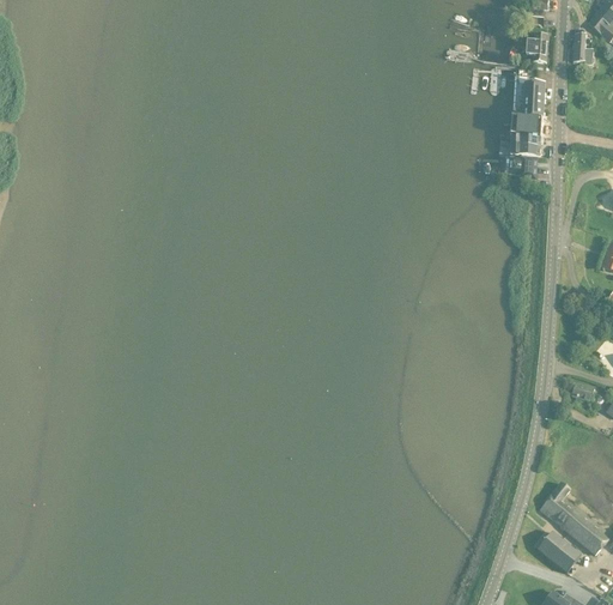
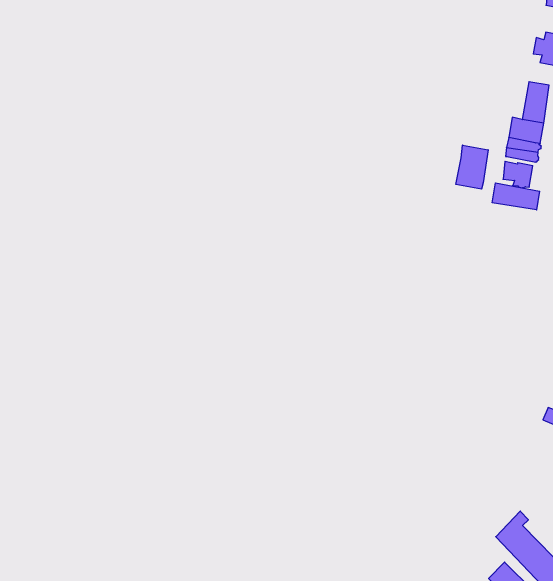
building: none -> [456,145,488,189]
building: none -> [492,183,540,210]

